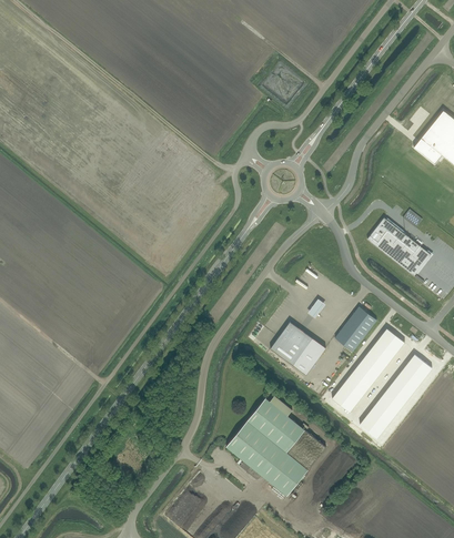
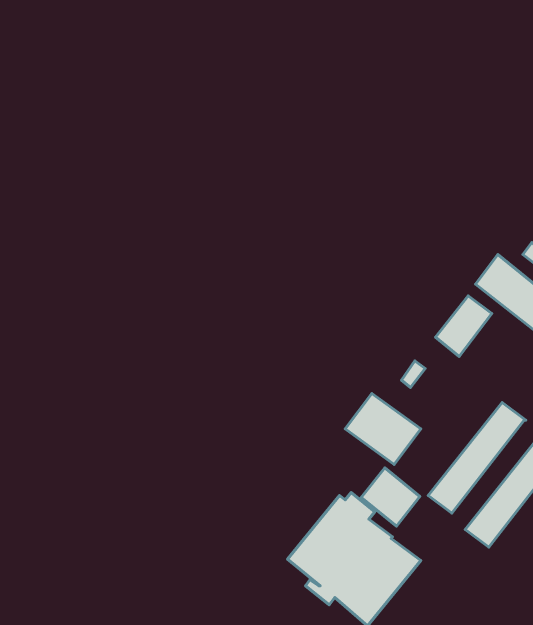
building: [335,306,377,352] -> [436,296,492,356]
building: none -> [361,468,420,526]

